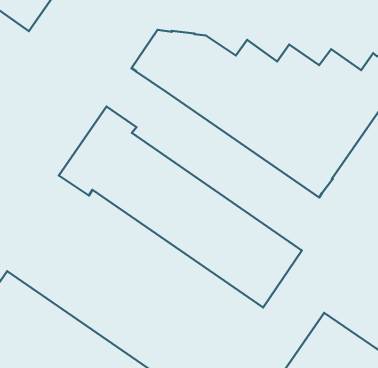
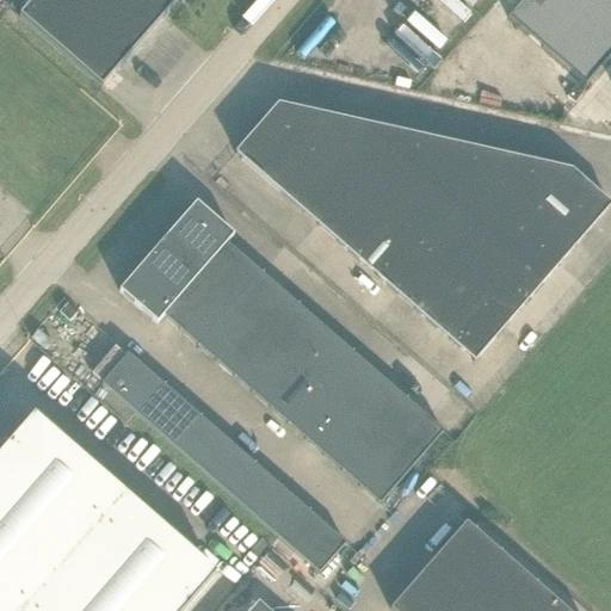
building: none -> [101,348,346,568]

